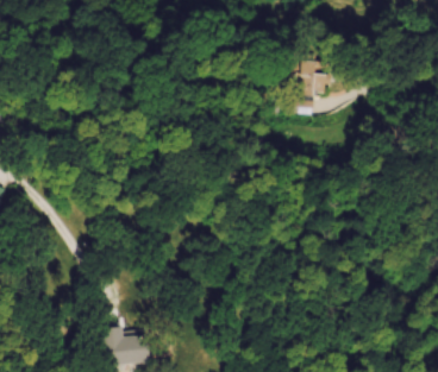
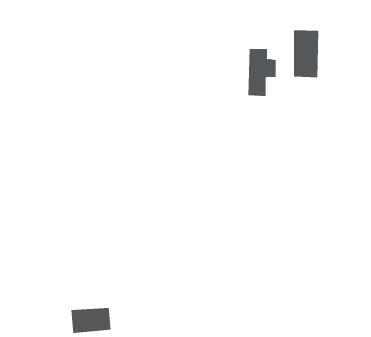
building: none -> [293,29,319,78]

